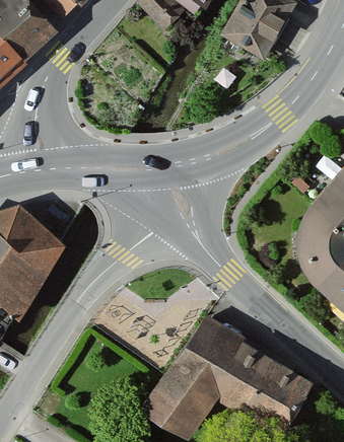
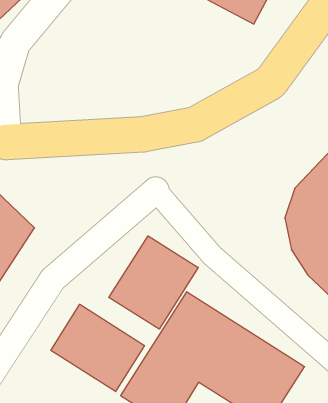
building: none -> [109,236,198,329]
building: none -> [51,304,144,392]

